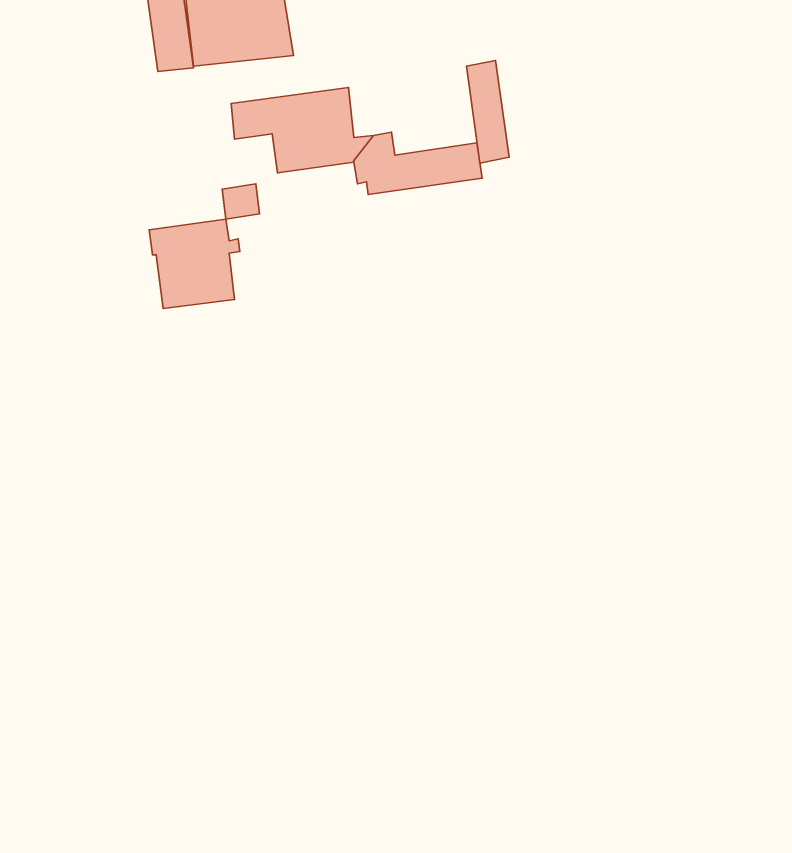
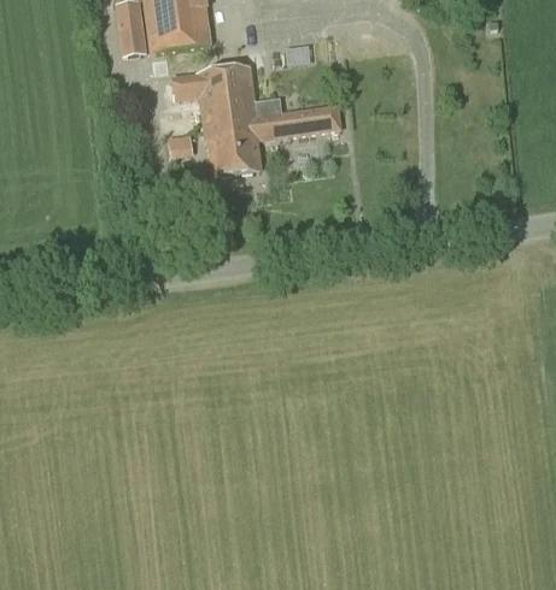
building: [466,60,509,163] -> none
building: [149,219,240,308] -> [203,117,264,177]

